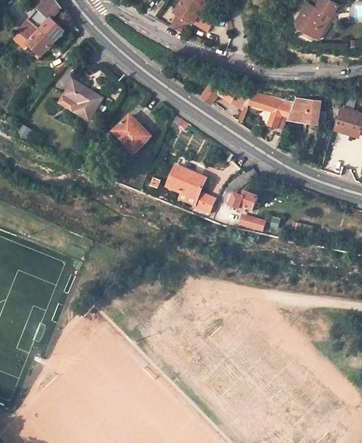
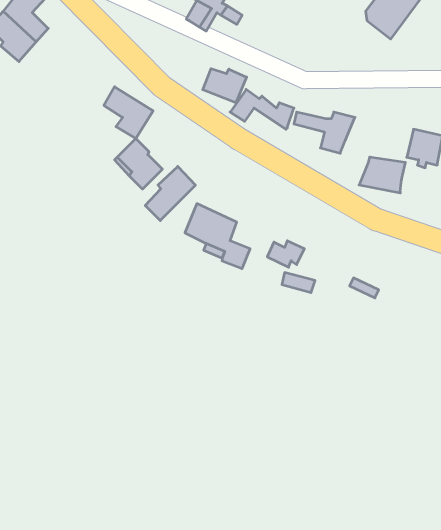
building: none -> [203,69,247,103]
building: [63,80,100,119] -> [104,87,153,139]
building: [286,95,321,122] -> [359,157,405,193]
building: none -> [145,166,195,221]

